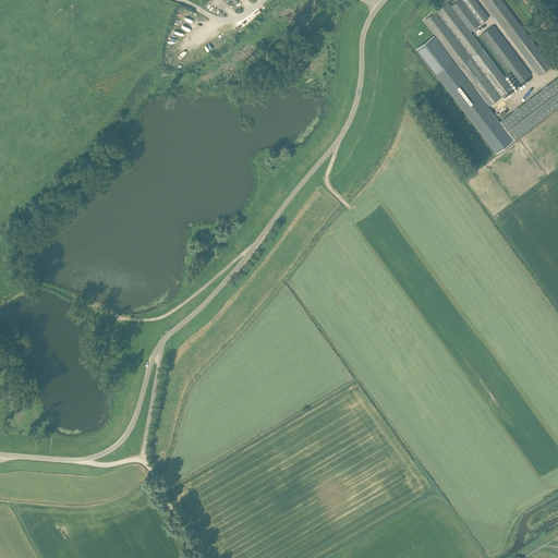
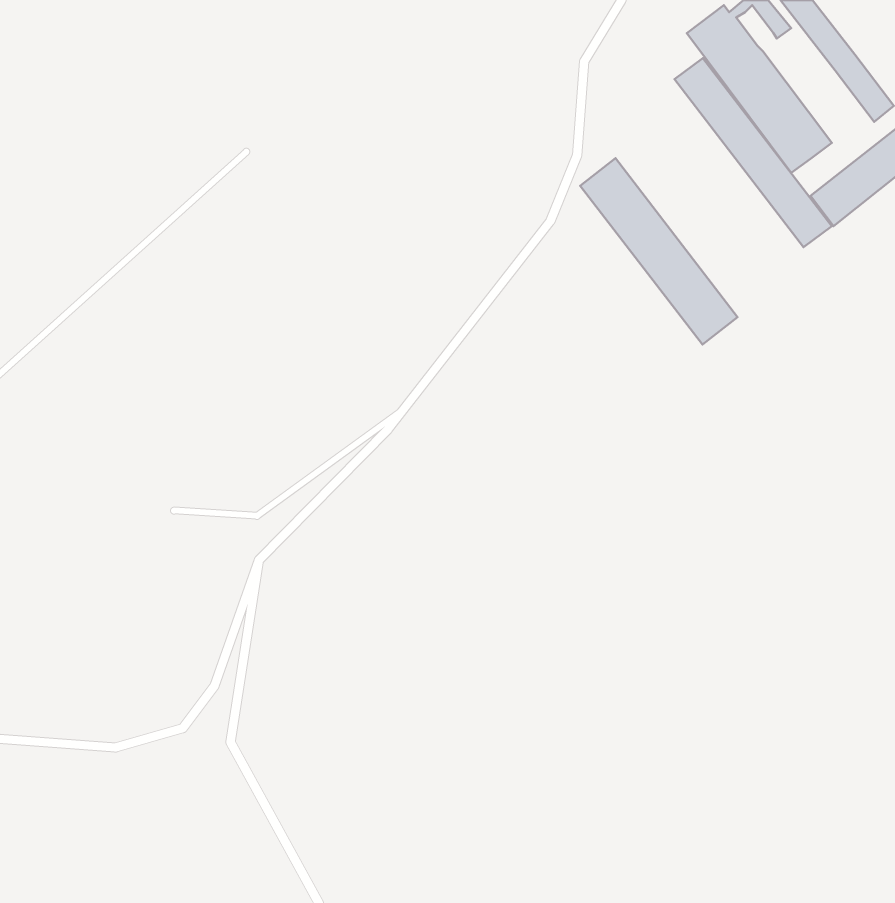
building: [481,25,531,84] -> none
building: none -> [580,158,738,345]

